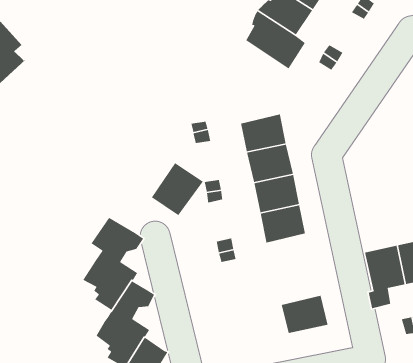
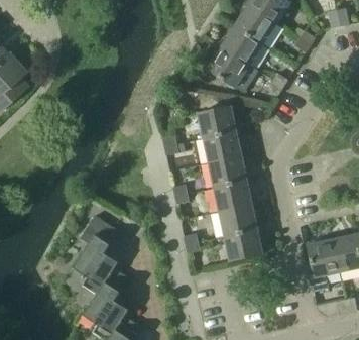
building: none -> [199,106,237,138]
building: [151,162,204,216] -> none
building: [281,295,328,334] -> [225,230,264,262]

